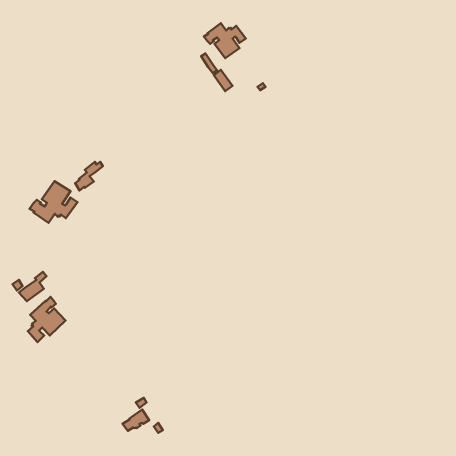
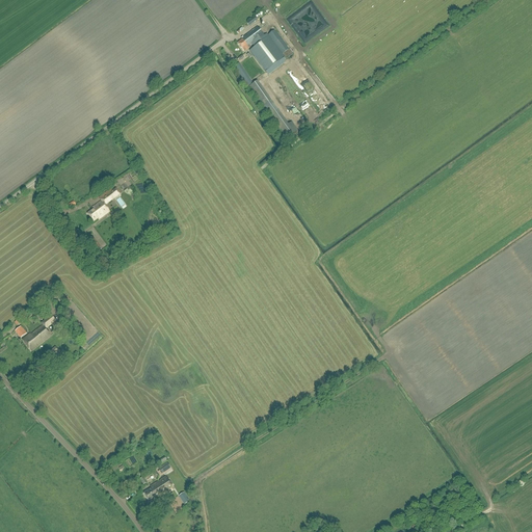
building: [29,181,77,223] -> none
building: [28,297,65,342] -> none

